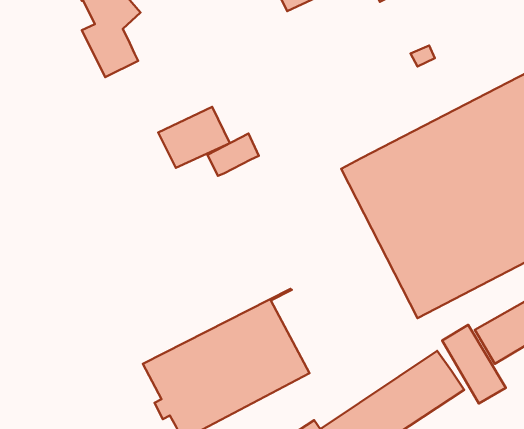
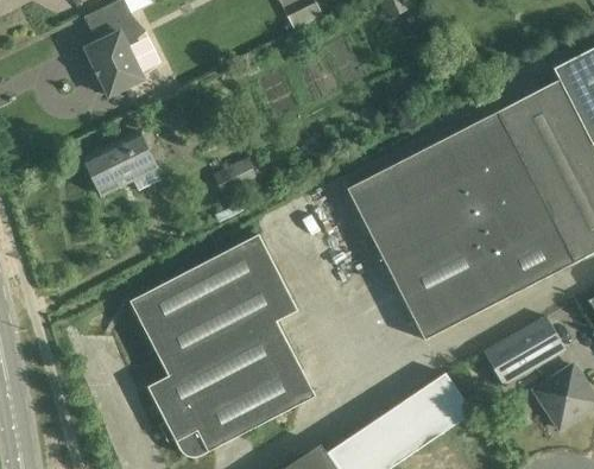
building: [158,107,230,168] -> [83,133,156,195]
building: none -> [131,234,297,375]
building: [442,325,506,404] -> none

